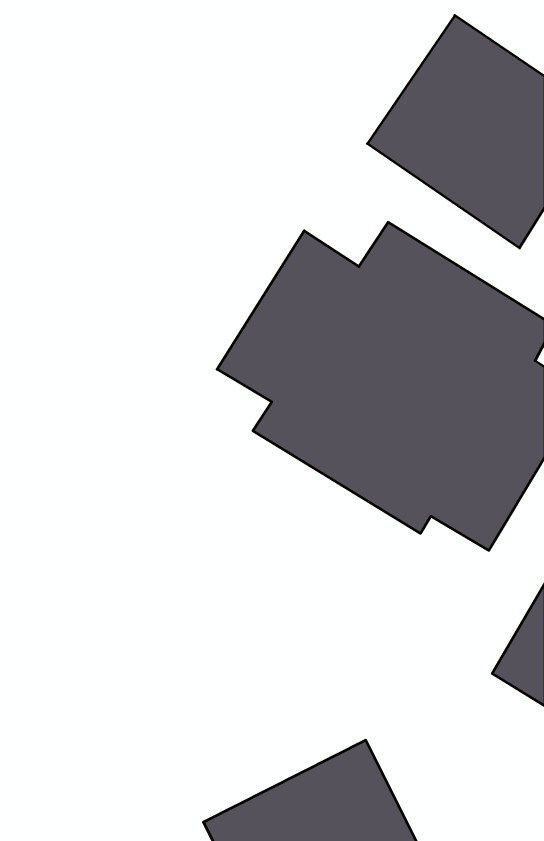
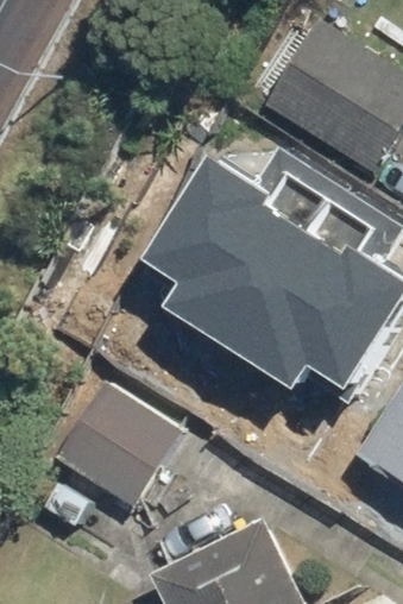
building: none -> [52,378,181,507]

